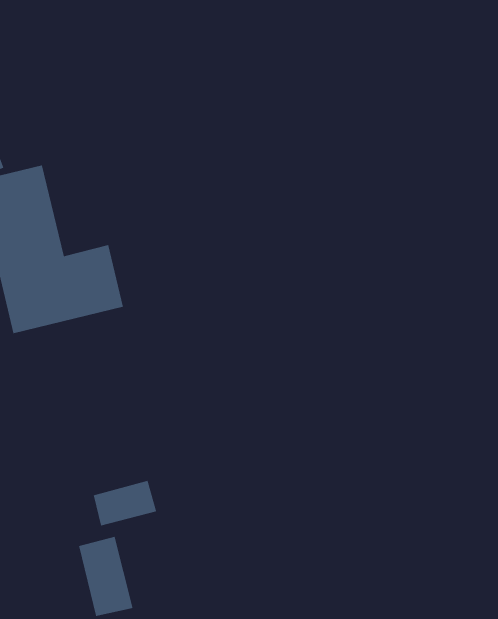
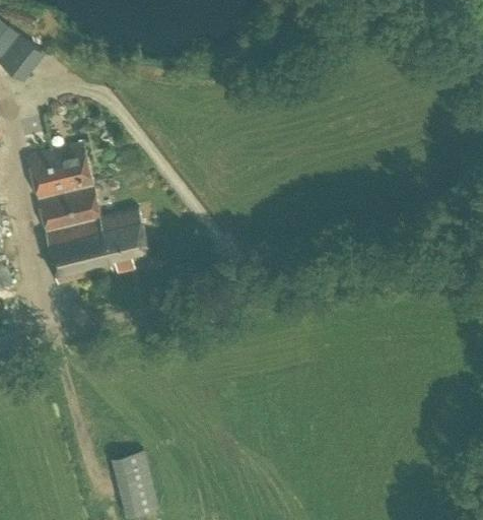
building: [93,480,157,526] -> none

